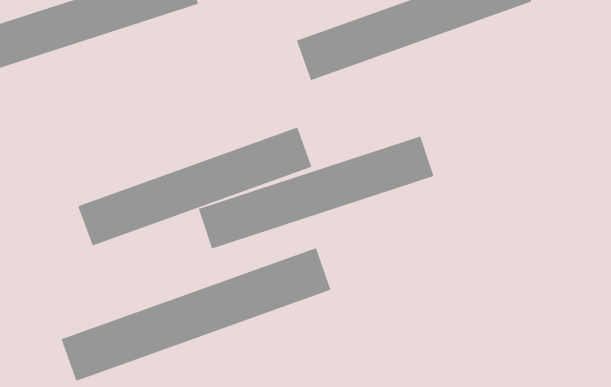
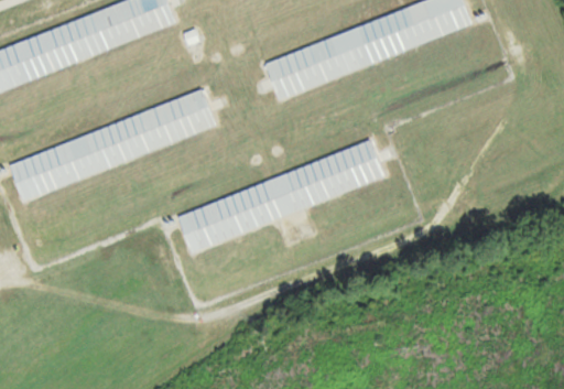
building: [77,126,313,247] -> [8,91,217,198]
building: [61,247,332,382] -> none

